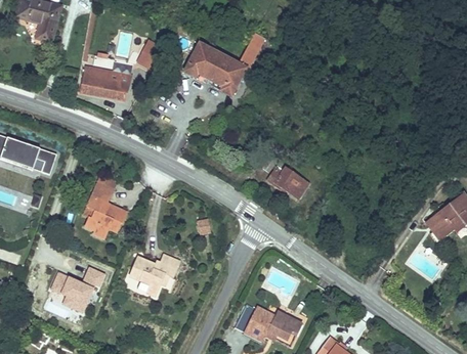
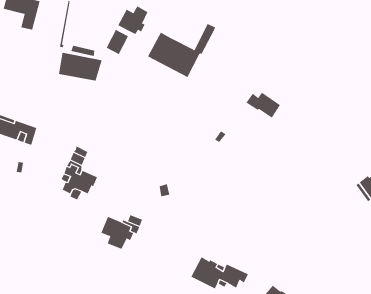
building: none -> [118,6,148,35]
building: [267,167,308,197] -> [246,92,281,118]
building: [49,265,105,312] -> none

